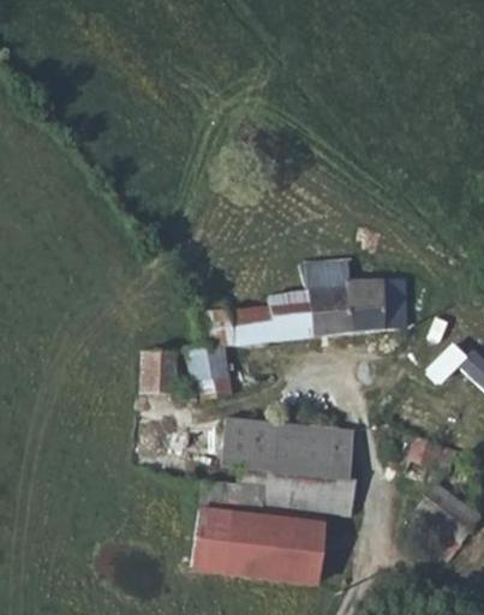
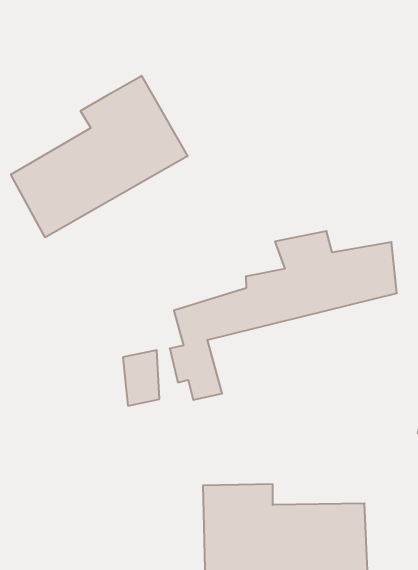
building: none -> [11,76,188,237]
building: [225,419,357,517] -> none

